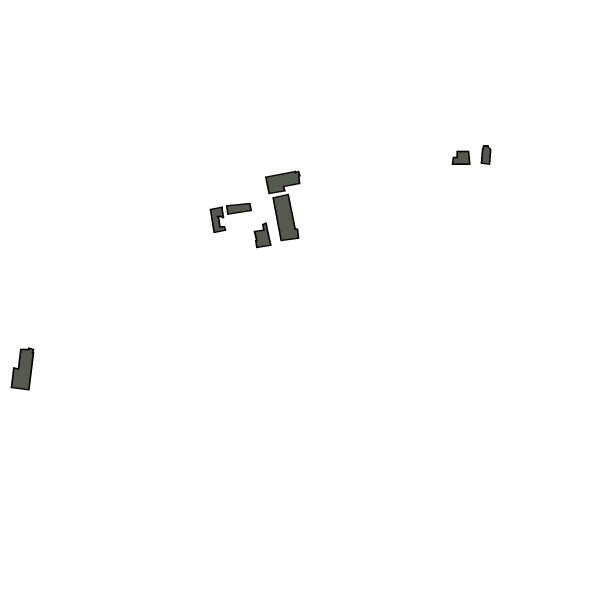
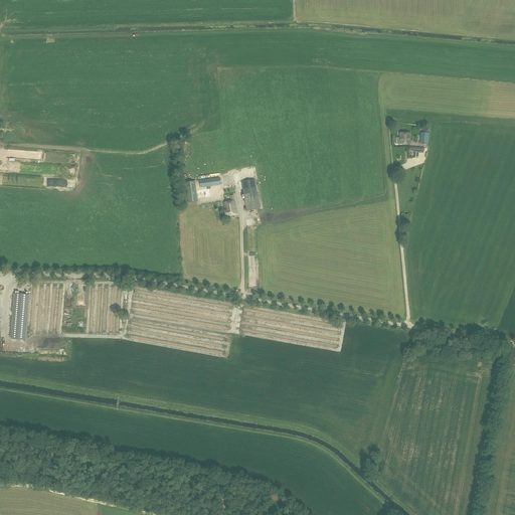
building: [266,172,300,194] -> none

